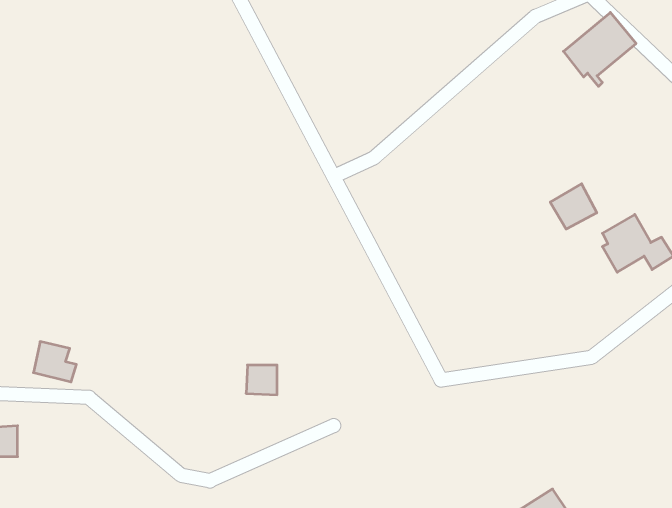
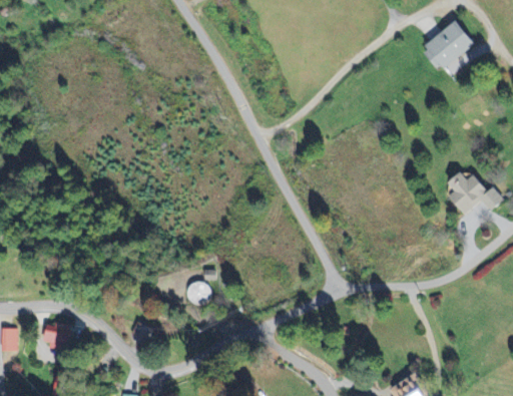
building: [550,184,597,229] -> none
building: [33,342,76,382] -> [41,322,73,352]

